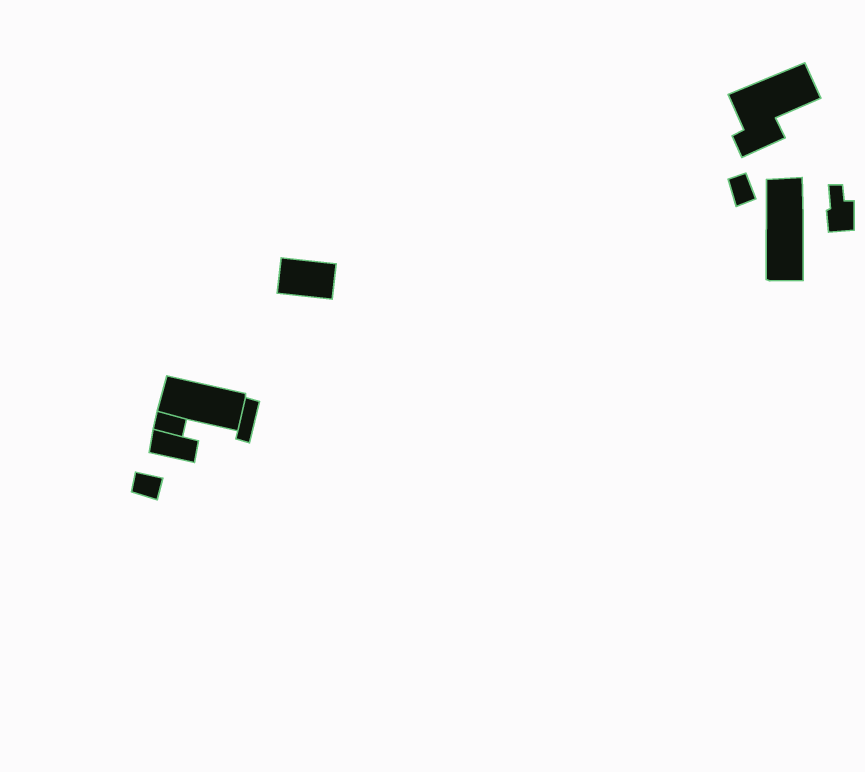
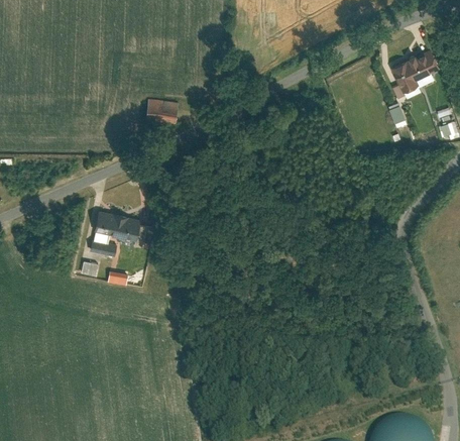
building: [766,178,803,281] -> none
building: [277,258,336,299] -> [150,103,181,124]

